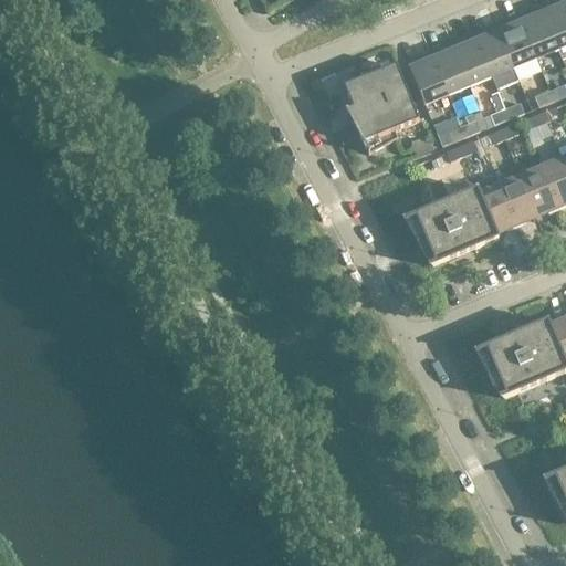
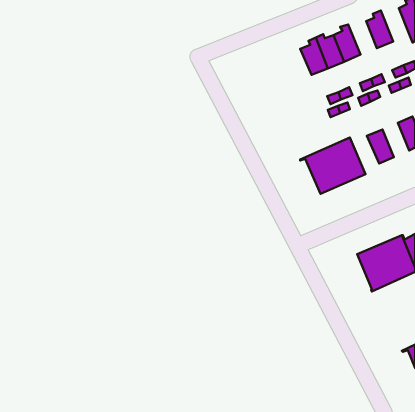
building: [517,10,556,56] -> none
building: [473,29,517,86] -> none
building: [336,63,418,151] -> none
building: [520,167,556,213] -> none
building: [475,185,515,237] -> none

